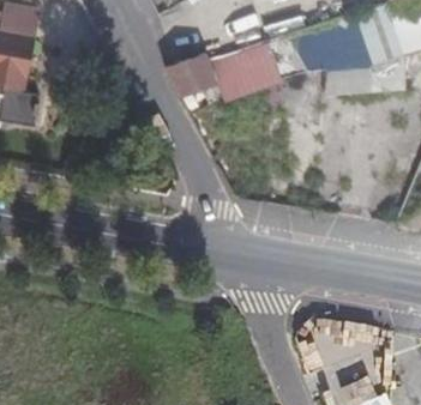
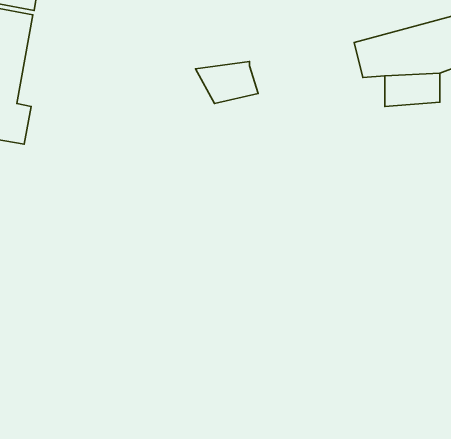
building: [215,50,281,99] -> none

